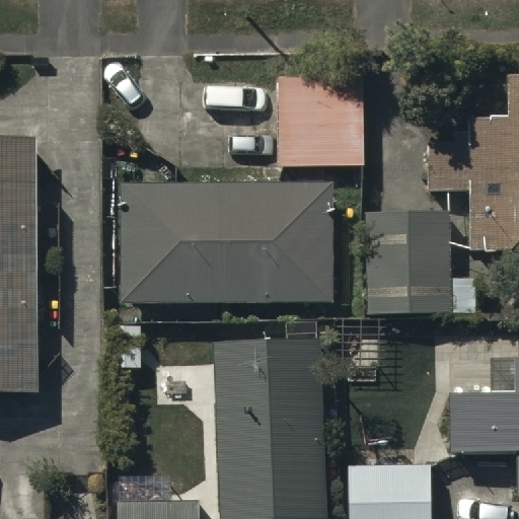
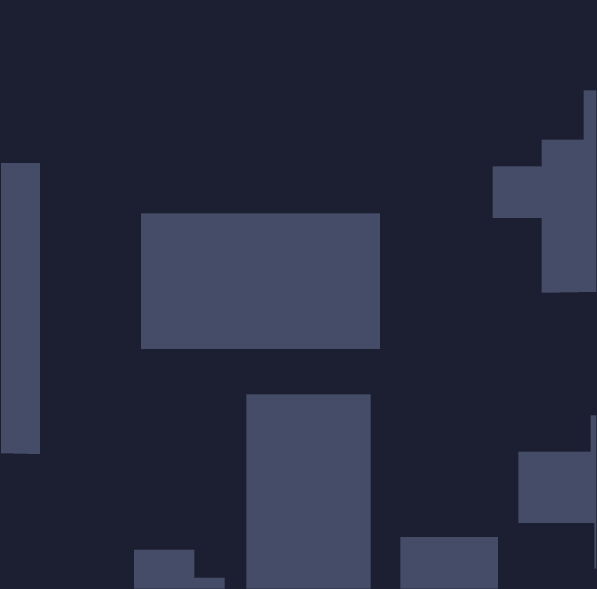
building: [277,76,365,167] -> none
building: [366,211,474,312] -> none

